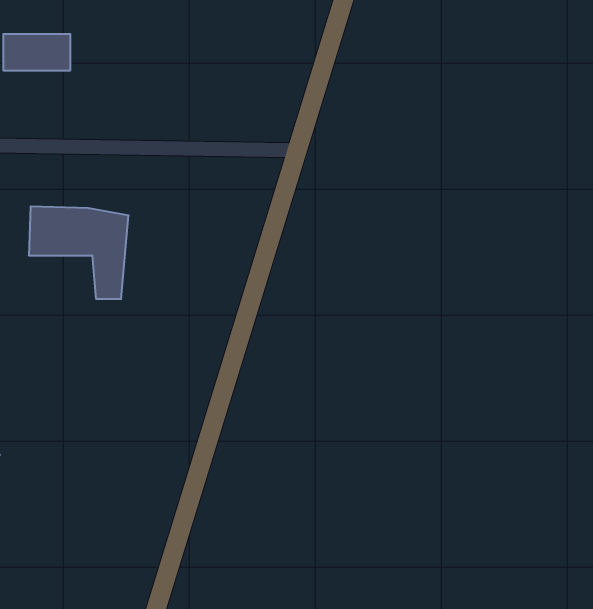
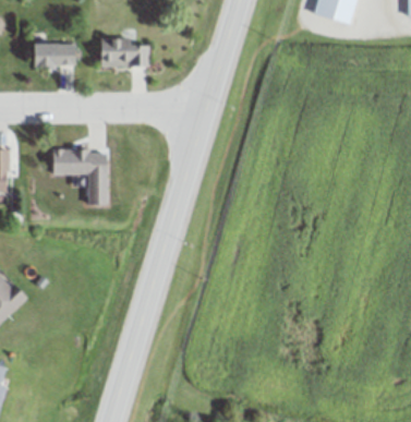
building: none -> [99,40,149,65]

